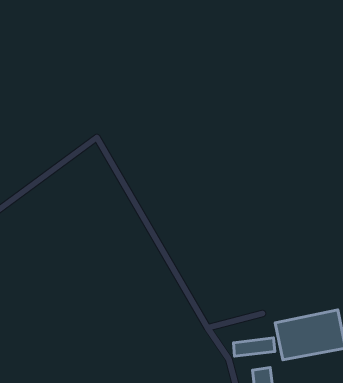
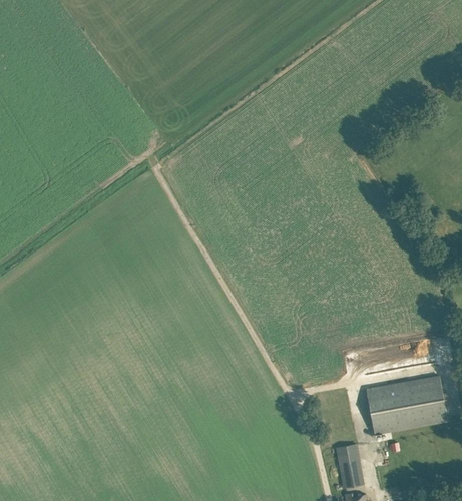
building: [233,338,275,356] -> none

